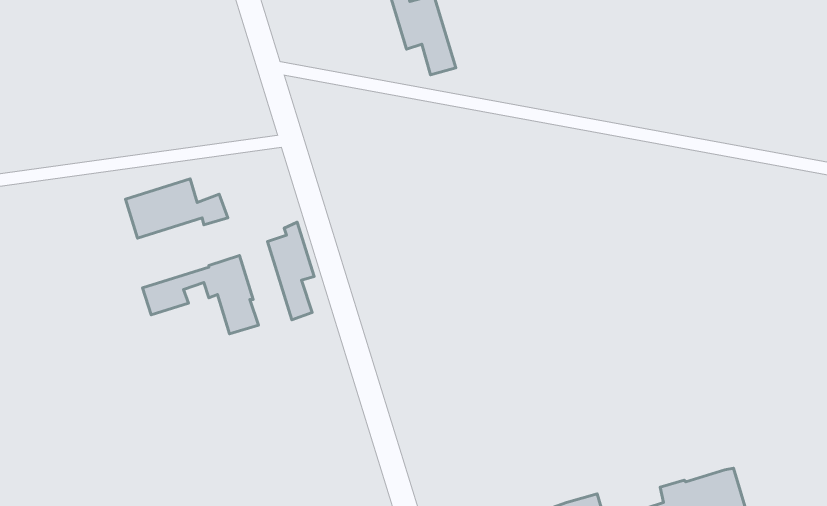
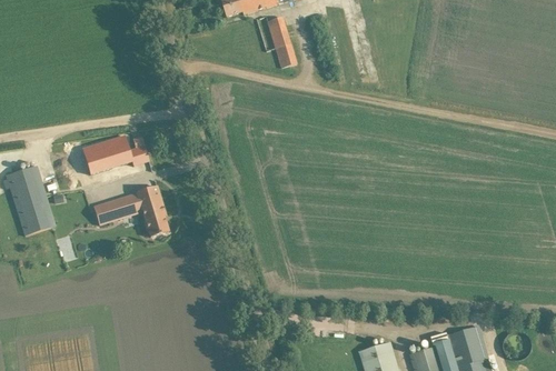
building: [267,222,314,320] -> none
building: none -> [7,166,56,235]

